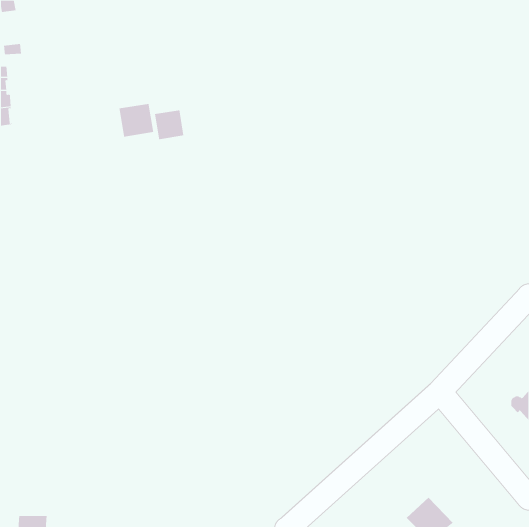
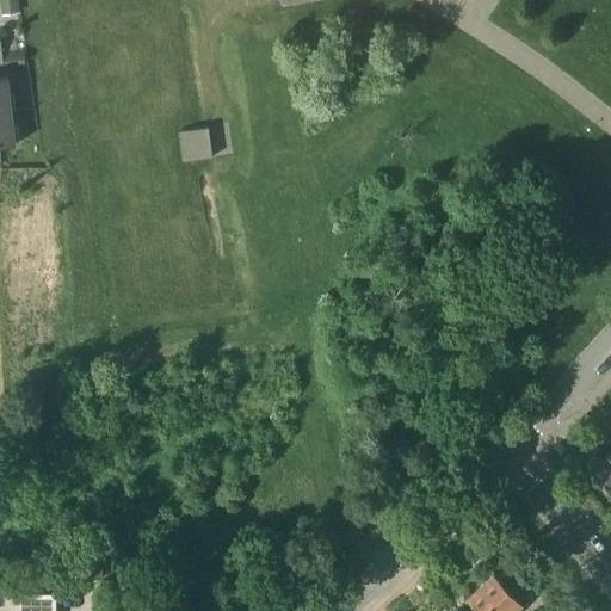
building: [119,103,154,137] -> none

